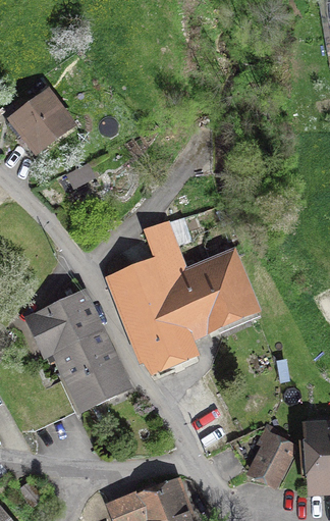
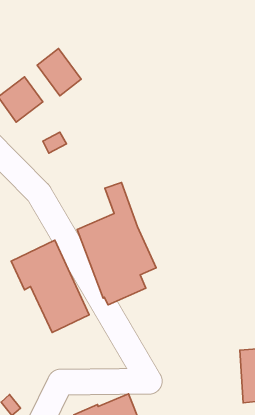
building: none -> [37,49,81,96]
building: [183,259,251,328] -> none
building: [251,427,290,485] -> none

